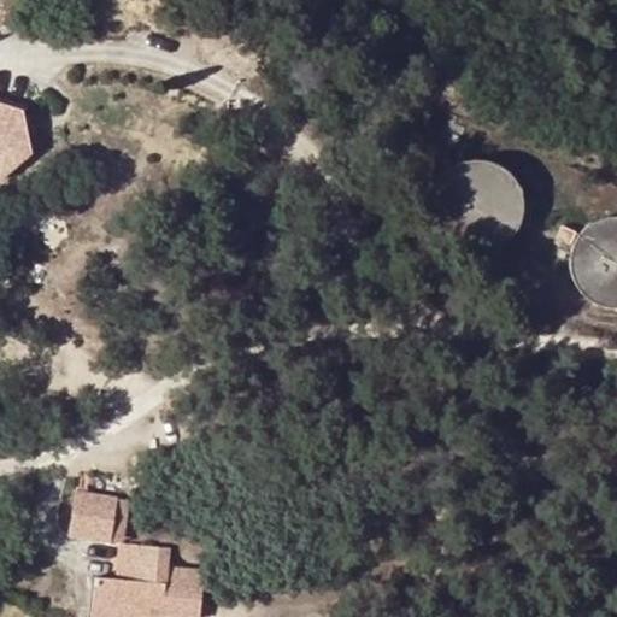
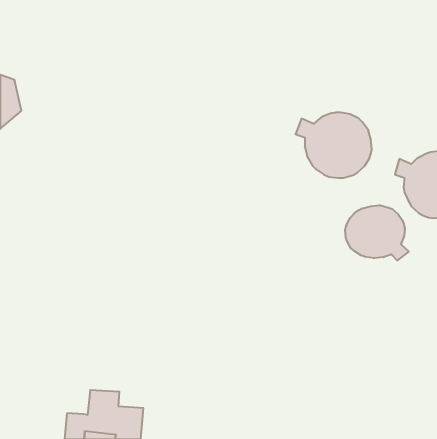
building: none -> [345,205,409,260]
building: [70,490,119,541] -> none

